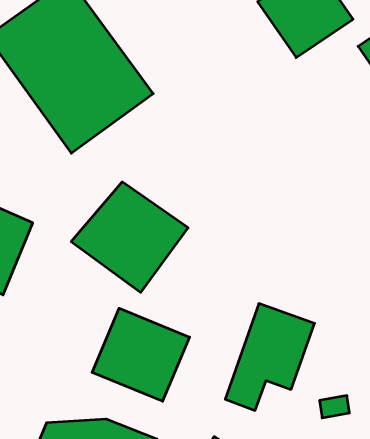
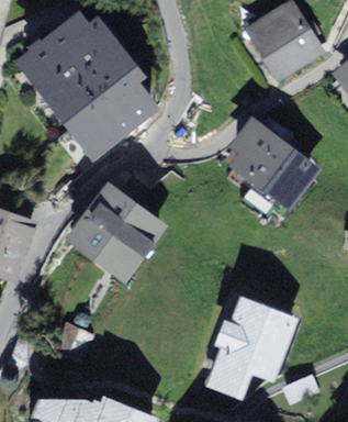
building: none -> [234,120,324,207]
building: [92,308,190,401] -> none

